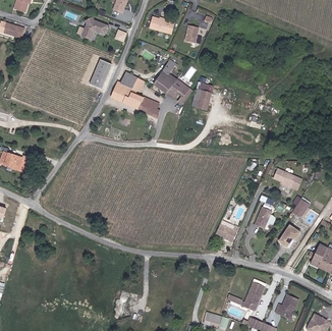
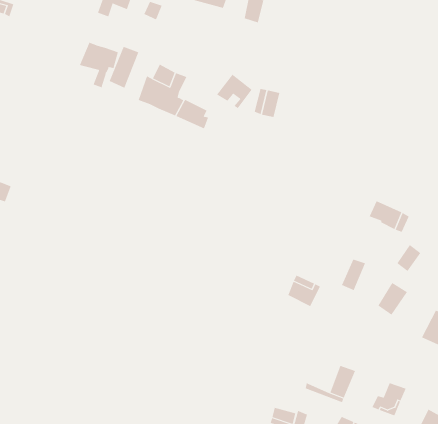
building: none -> [79,42,119,88]
building: [153,58,177,93] -> none

